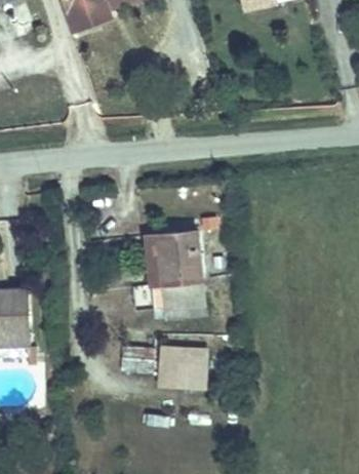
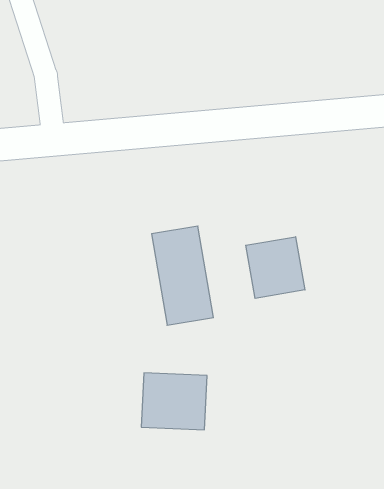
building: none -> [246,237,305,298]

